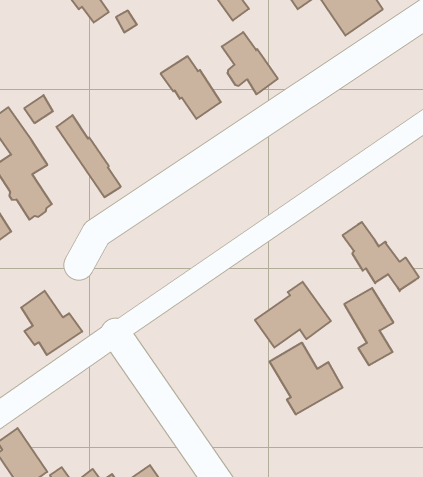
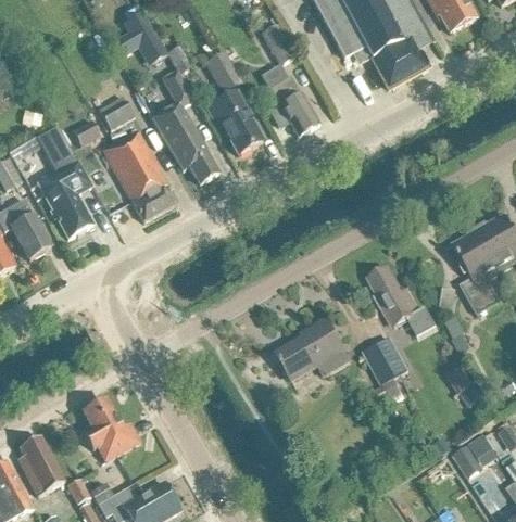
building: none -> [205,52,244,94]
building: none -> [152,71,217,183]
building: none -> [100,96,136,128]
building: none -> [118,130,173,213]
building: [21,291,82,355] -> [83,398,139,460]
building: [270,343,343,415] -> none

